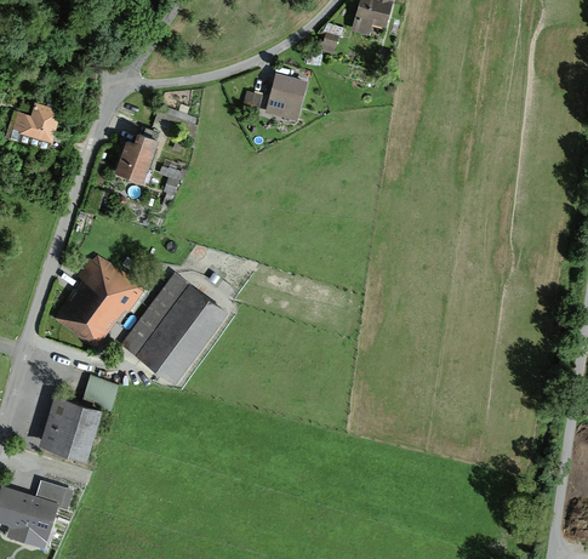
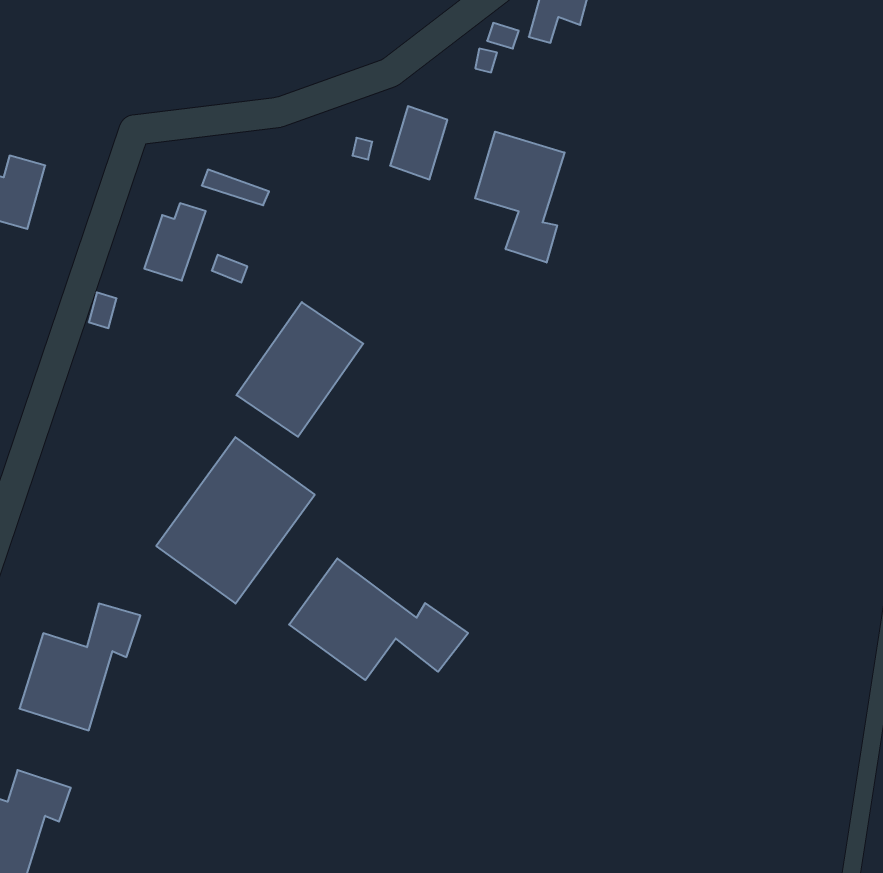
building: none -> [475,132,565,263]
building: [56,262,133,344] -> [236,302,363,437]
building: none -> [289,558,468,680]

